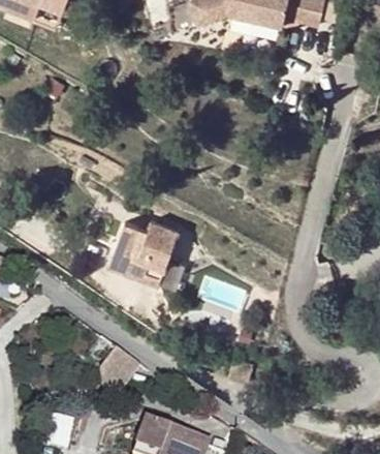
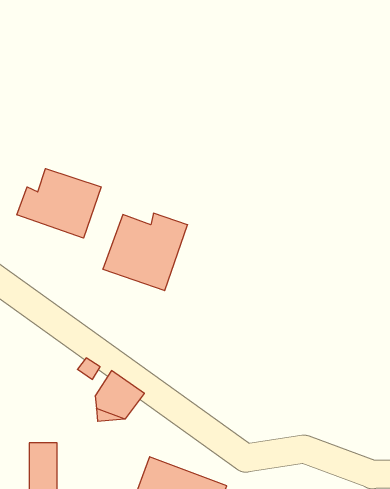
building: none -> [17,169,101,238]

